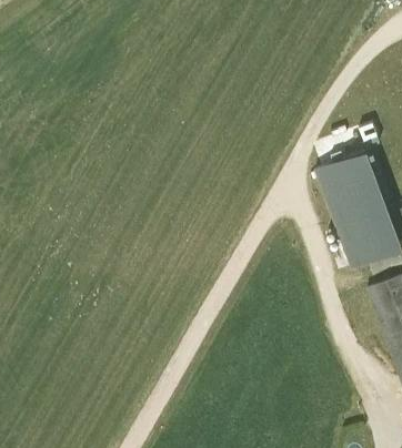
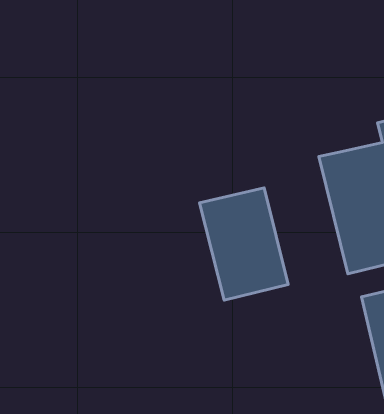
building: none -> [199,188,288,300]

